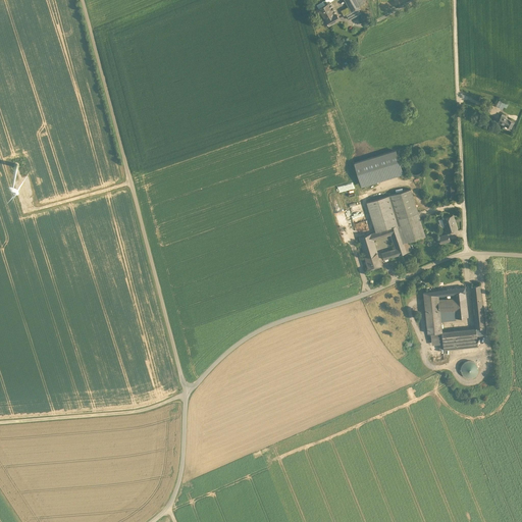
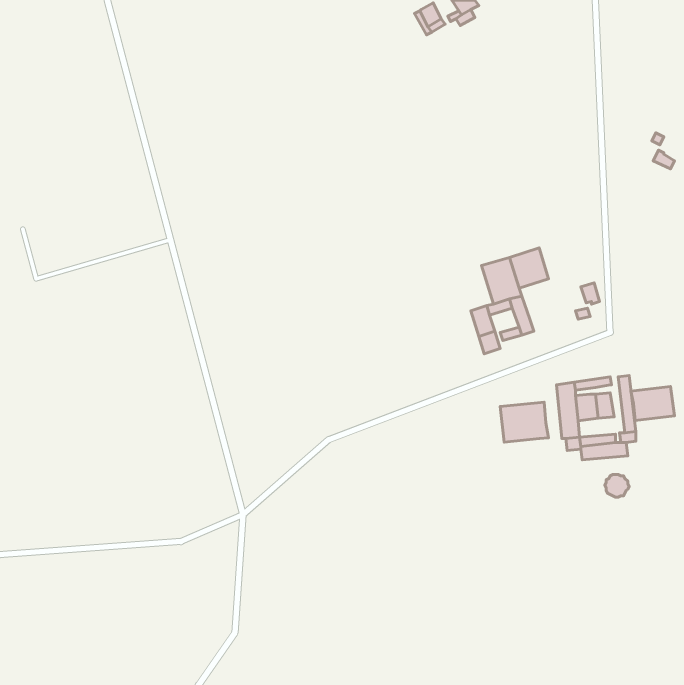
building: [354,151,401,182] -> none
building: [395,212,424,243] -> none
building: none -> [631,386,675,421]
building: none -> [500,402,549,442]

